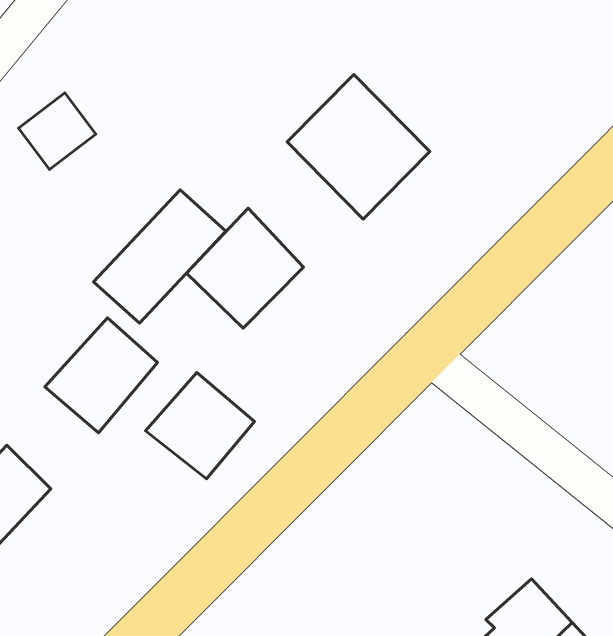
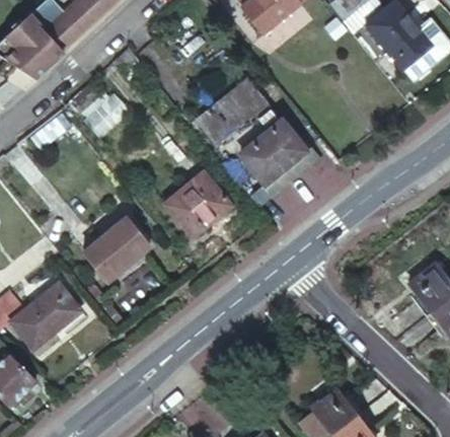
building: [94,190,226,323] -> [194,76,269,146]
building: [146,372,254,479] -> none

